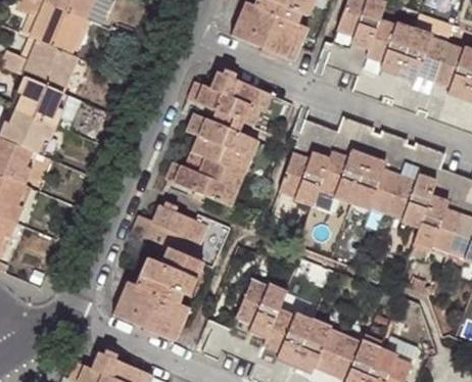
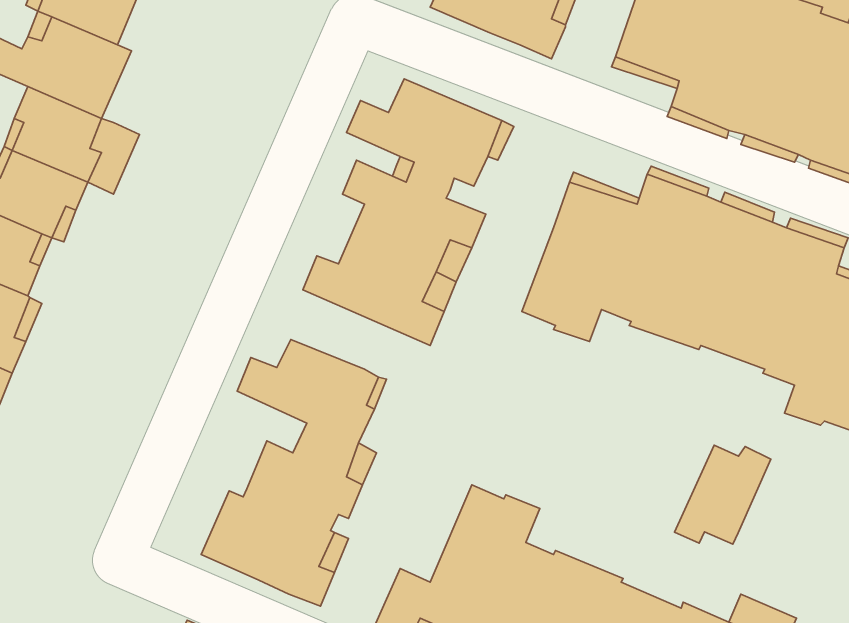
building: none -> [675,445,771,544]

